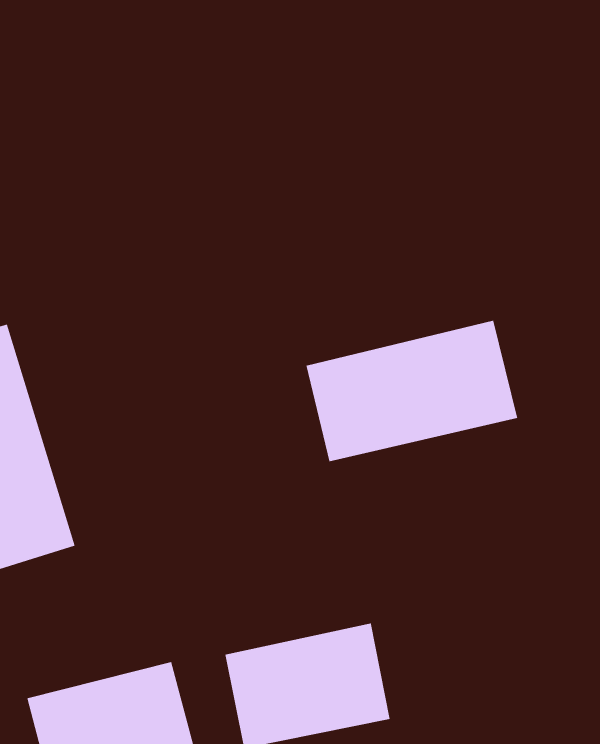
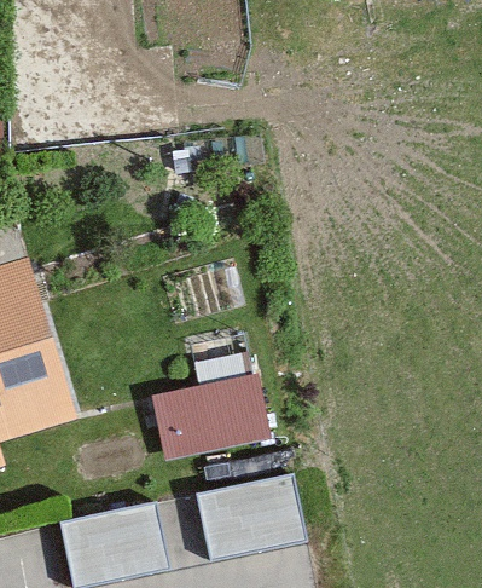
building: [306,320,518,462] -> none
building: none -> [143,371,268,463]

